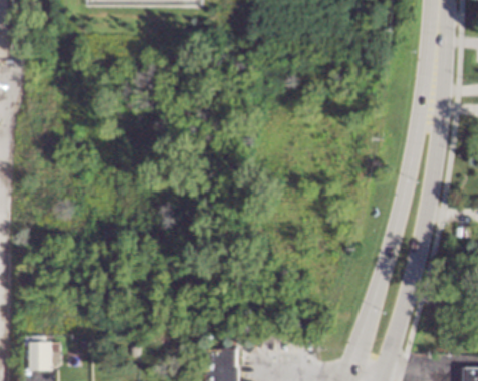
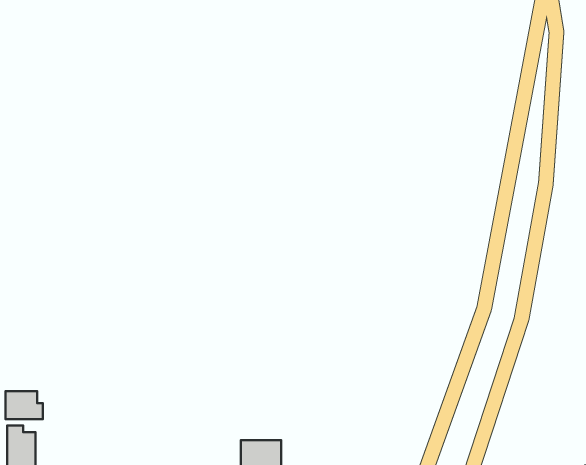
building: none -> [5,391,43,419]

